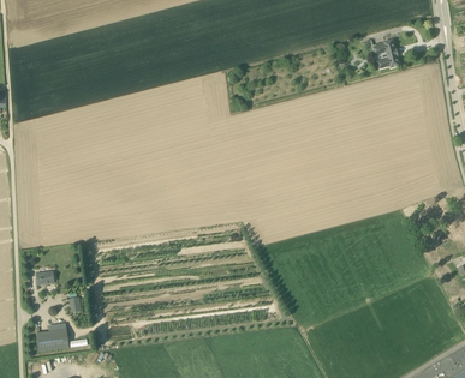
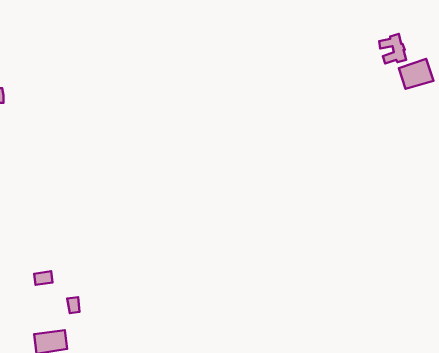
building: none -> [399,59,434,89]

